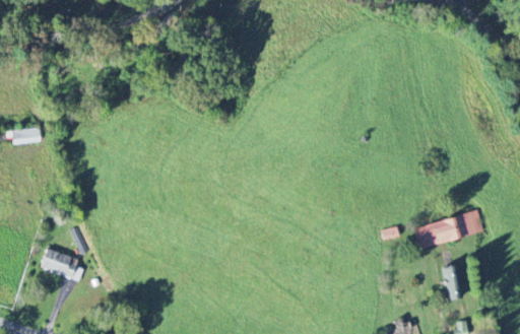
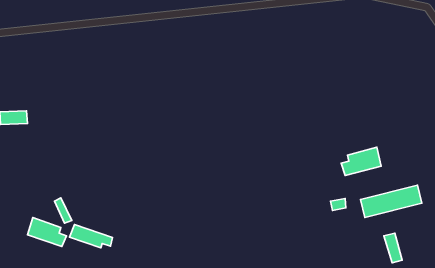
building: none -> [341,147,381,175]
building: none -> [70,224,112,248]

